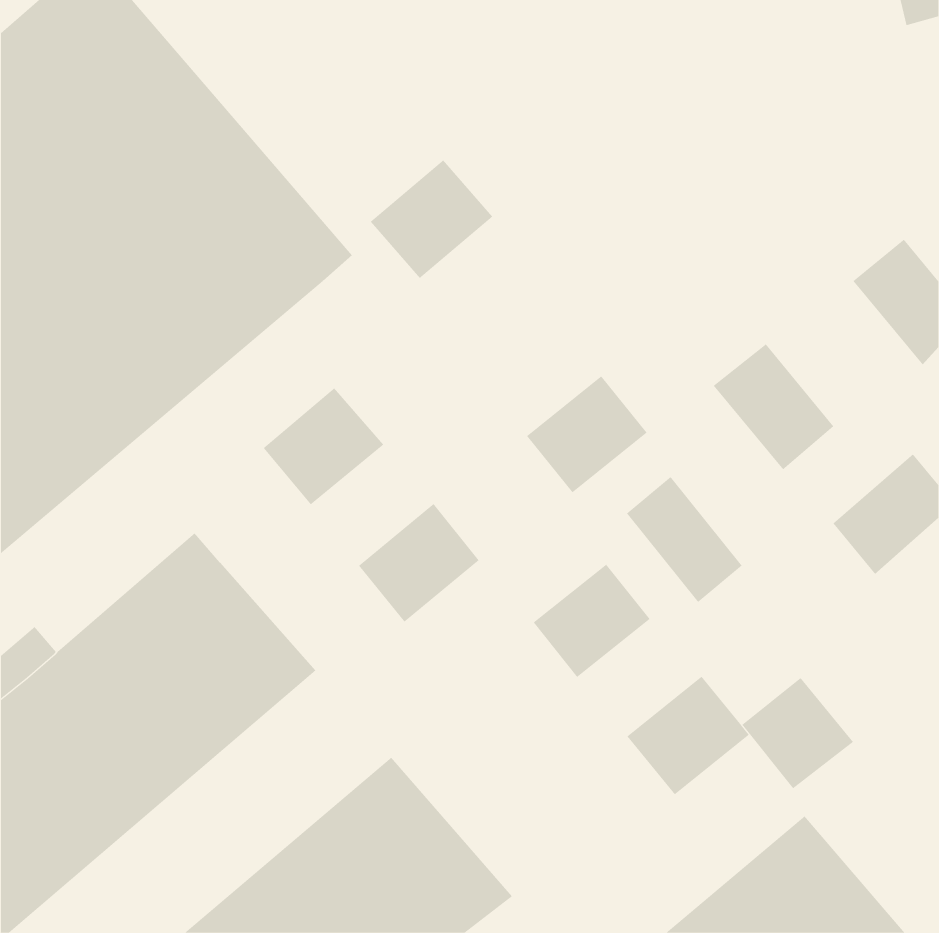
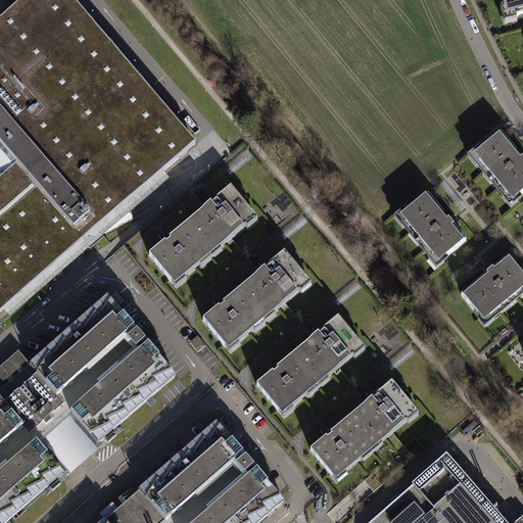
building: [370,159,493,279] -> [186,181,254,247]
building: [526,376,647,493] -> [241,246,308,312]
building: [626,476,742,603] -> none
building: none -> [254,346,321,410]
building: [742,677,854,789] -> none
building: none -> [306,410,375,476]

